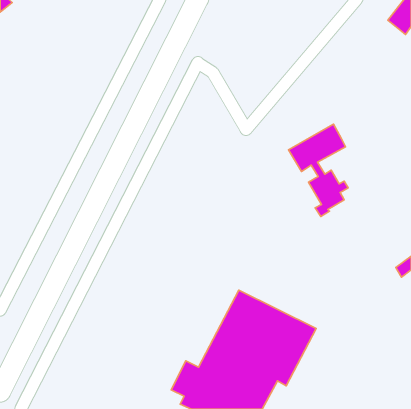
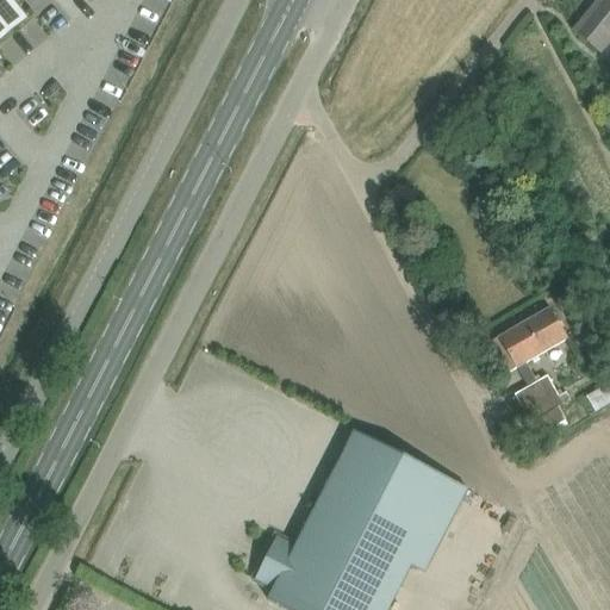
building: [289,124,348,217] -> [483,306,571,443]

